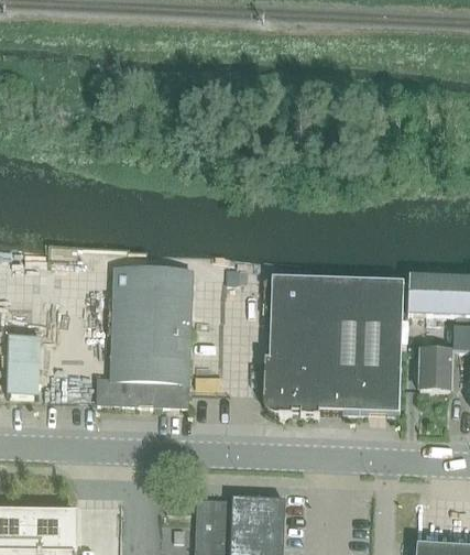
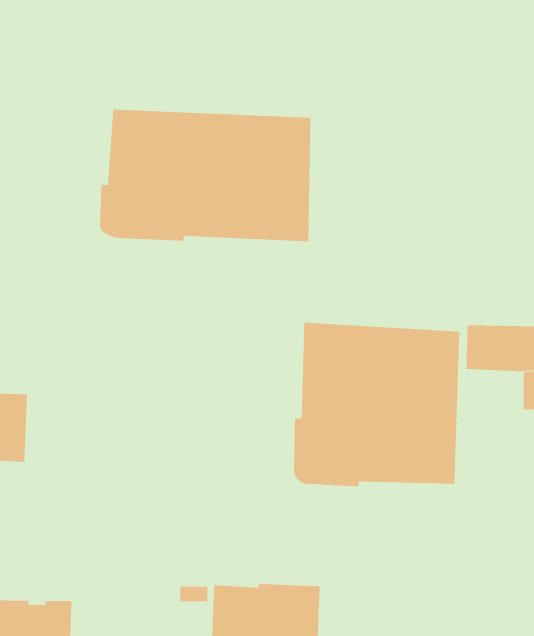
building: none -> [100,109,311,242]
building: [98,264,193,402] -> none
building: [419,348,452,389] -> none

